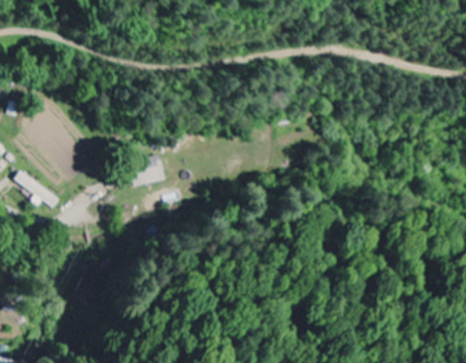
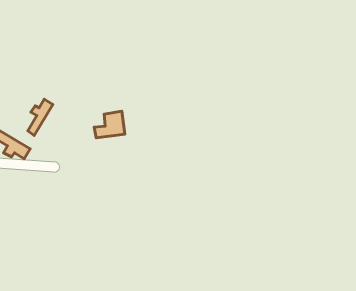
building: none -> [28,99,53,135]

